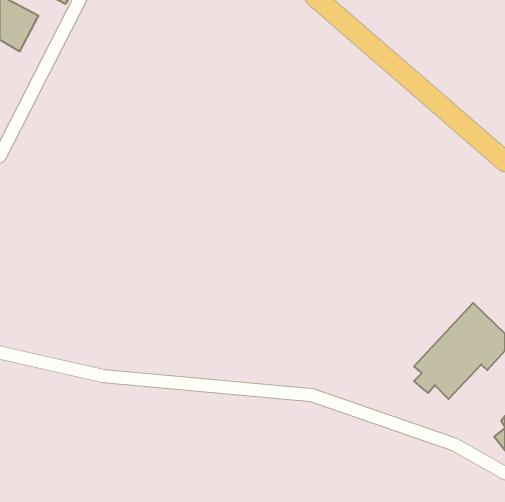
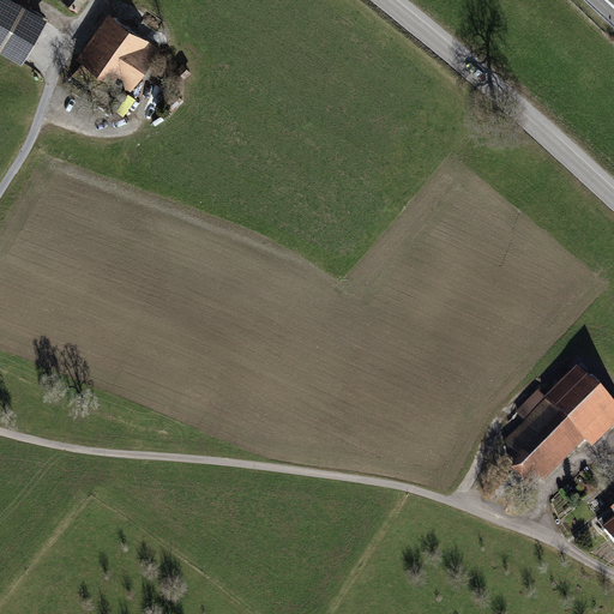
building: none -> [77,12,158,90]

